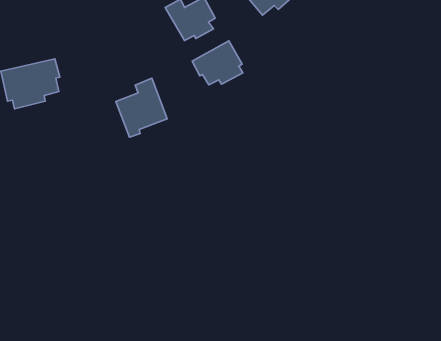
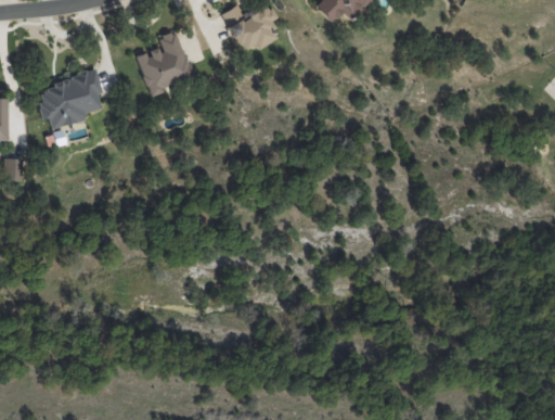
building: [192,41,243,85] -> none
building: [116,78,167,137] -> [137,30,194,97]

